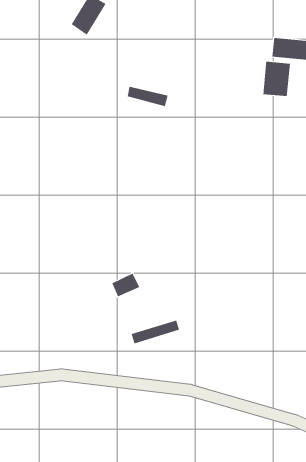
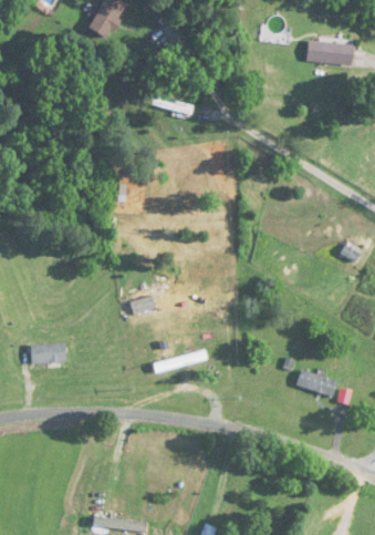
building: [263,61,290,97] -> none
building: none -> [30,344,65,362]
building: none -> [295,369,337,397]

